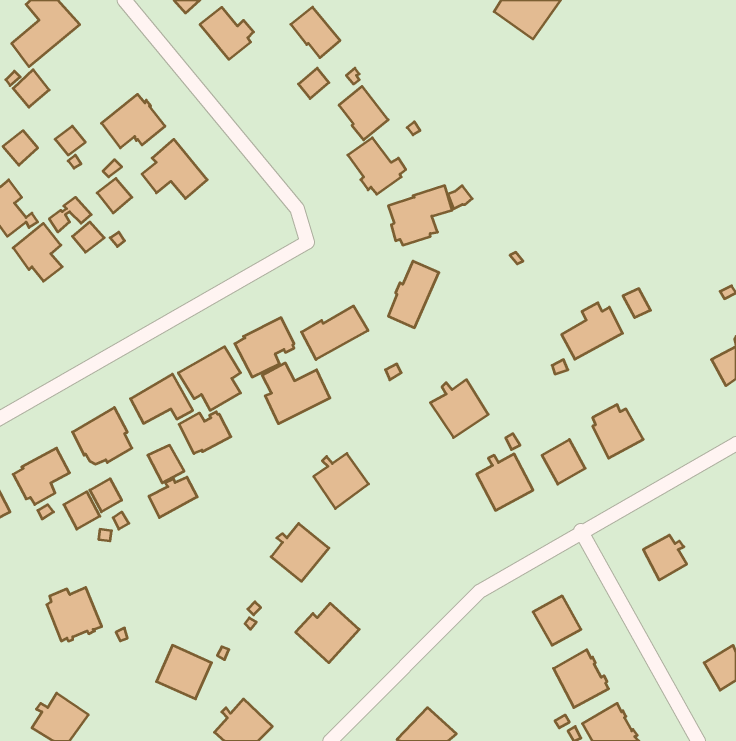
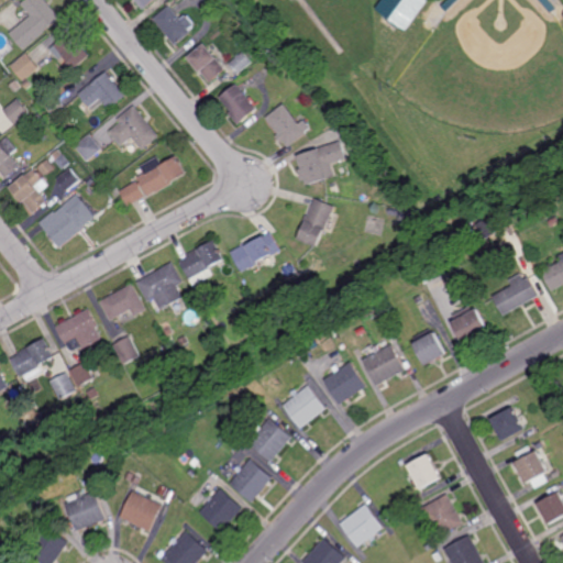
building: [291,7,340,58] -> [186,44,223,82]
building: none -> [47,32,88,68]
building: [339,86,388,140] -> [218,84,255,124]
building: none -> [118,156,186,207]
building: none -> [37,195,96,249]
building: [562,303,623,359] -> [492,274,538,317]
building: [262,363,330,424] -> none
building: [430,380,488,438] -> [322,362,366,406]
building: [179,412,231,454] -> none
building: [314,453,369,509] -> [283,387,324,429]
building: [149,477,197,518] -> none
building: [271,523,329,581] -> [247,417,291,461]
building: none -> [512,445,547,488]
building: [47,587,102,641] -> [64,489,106,530]
building: none -> [198,487,242,531]
building: none -> [340,503,385,547]

